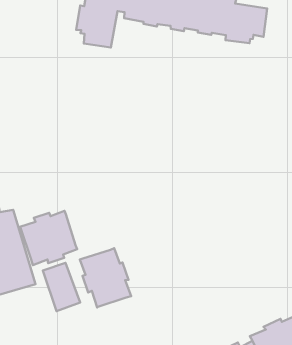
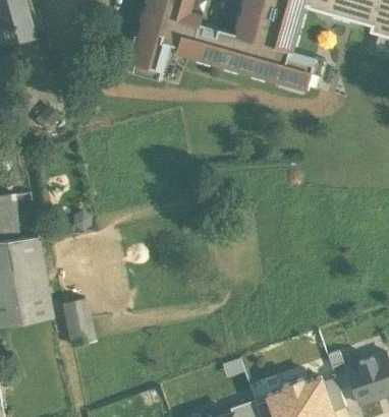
building: [20,211,77,265] -> none
building: [80,248,131,308] -> none

